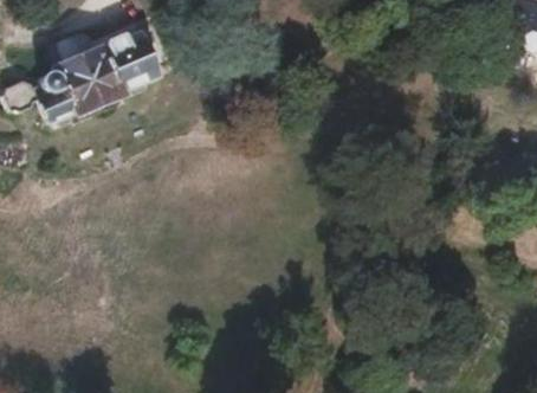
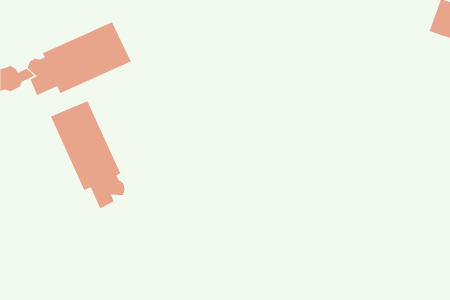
building: none -> [50,100,126,209]

